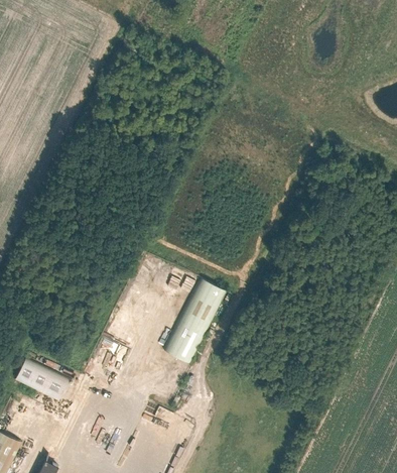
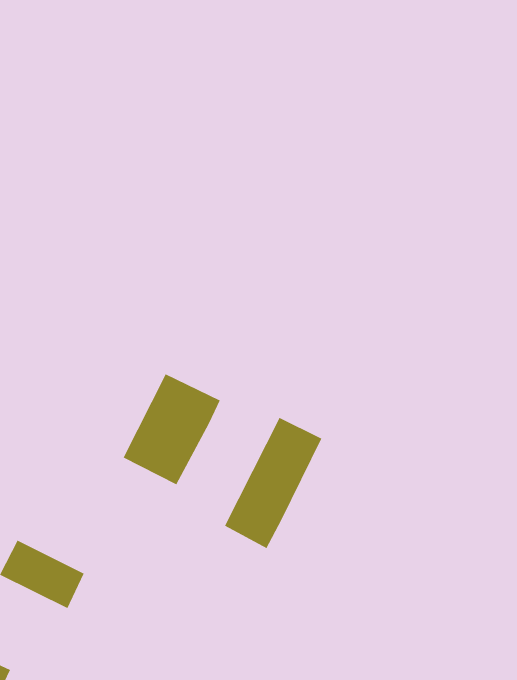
building: none -> [123,373,220,485]

